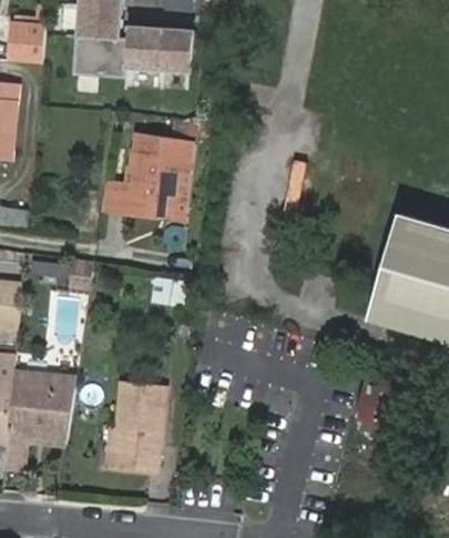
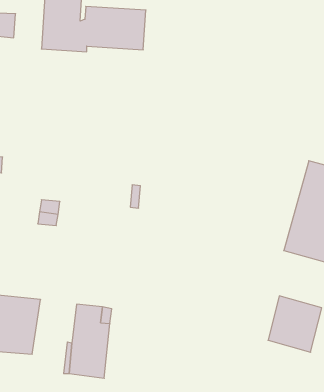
building: [104,131,196,214] -> none

